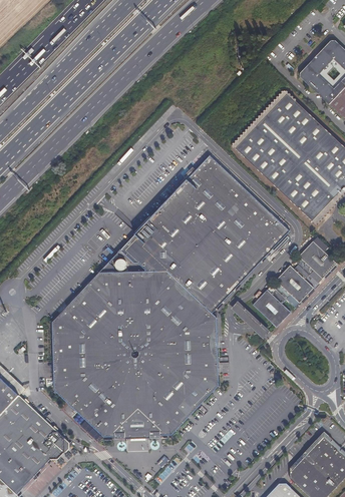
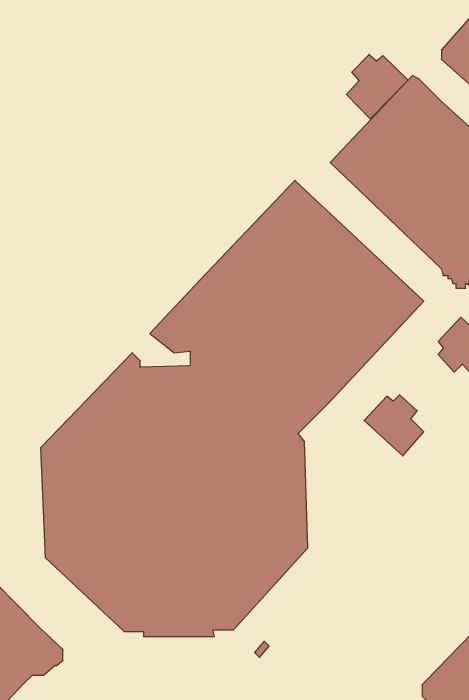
building: none -> [346,54,408,119]
building: [275,264,314,303] -> none

